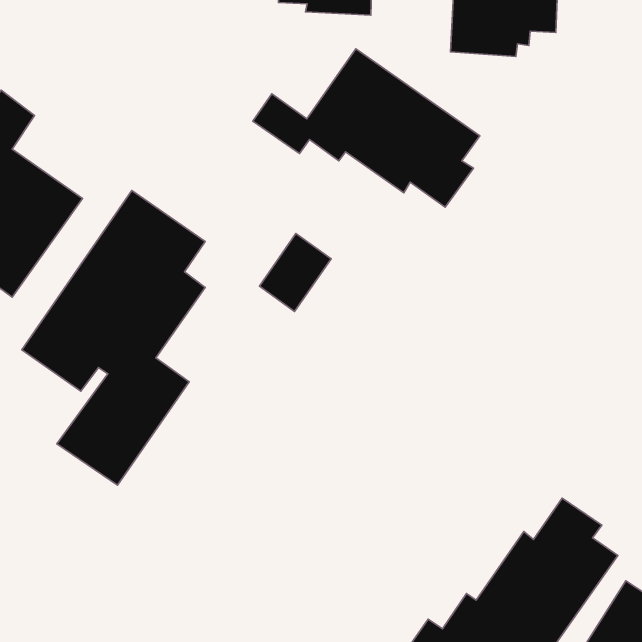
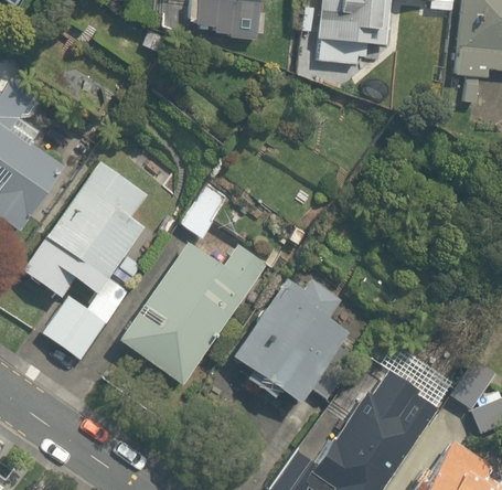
building: [253,49,480,207] -> none
building: none -> [116,236,250,383]
building: none -> [236,277,350,411]

